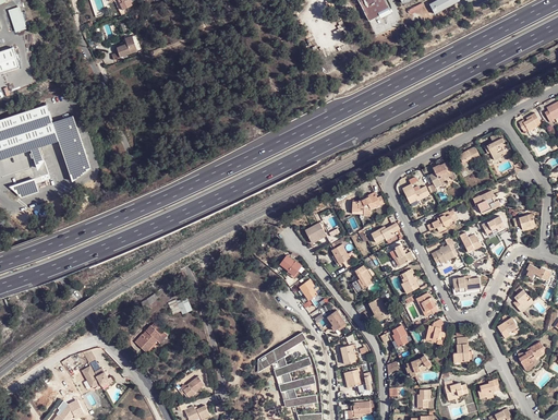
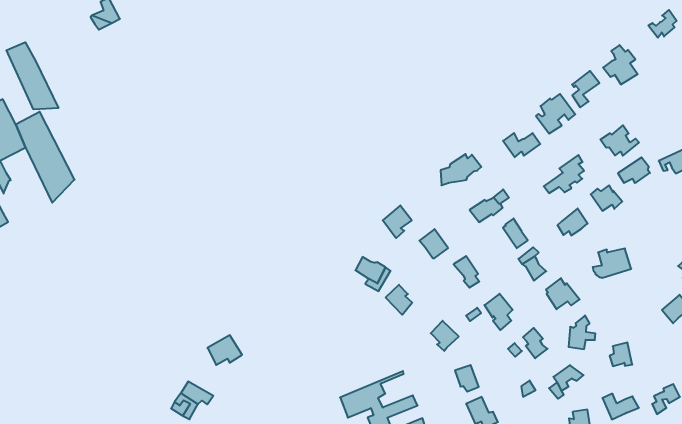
building: none -> [6,42,58,109]

